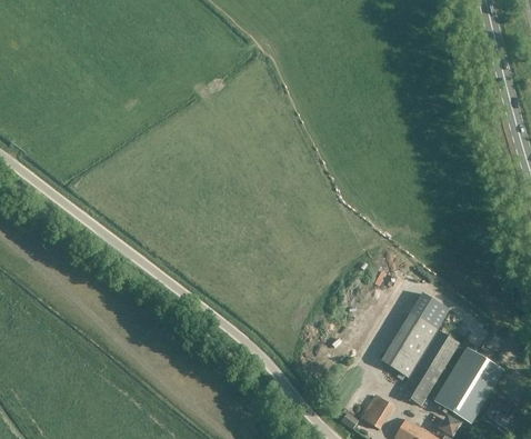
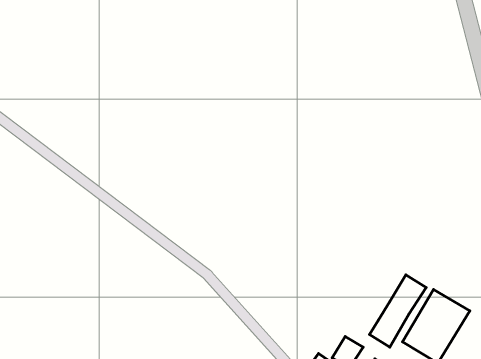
building: [380,293,450,378] -> none

